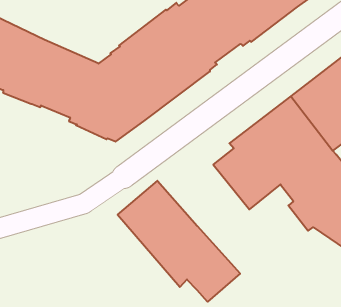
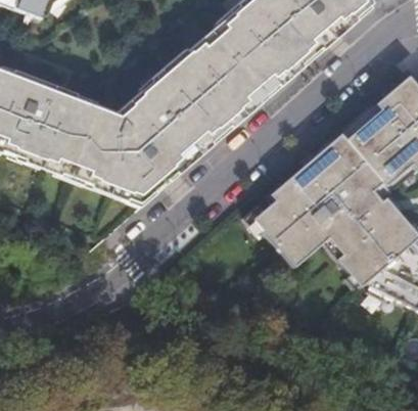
building: [118,181,240,302] -> none

